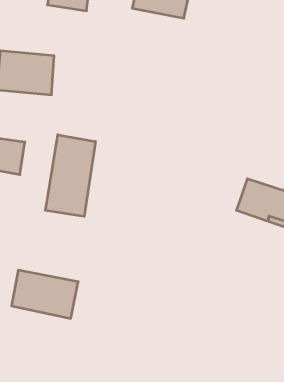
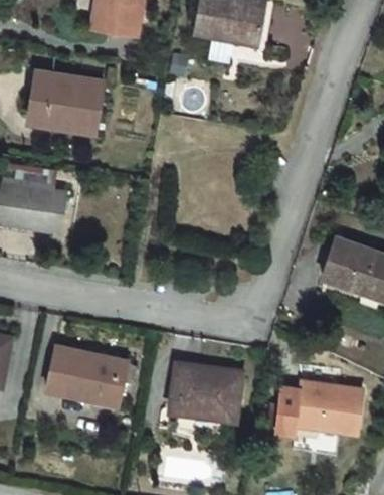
building: [45,135,95,216] -> none
building: none -> [170,367,243,422]
building: none -> [278,381,365,435]

